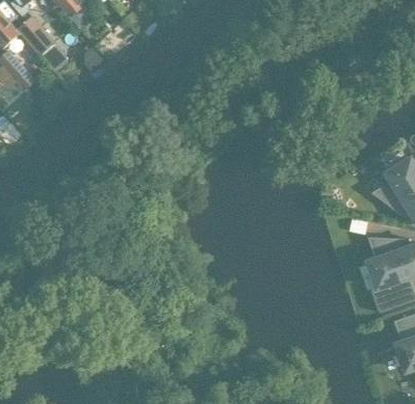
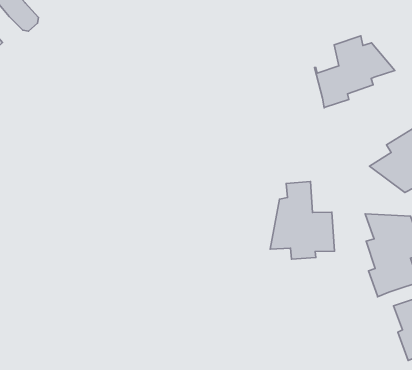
building: none -> [314,36,395,108]
building: none -> [270,181,335,259]

